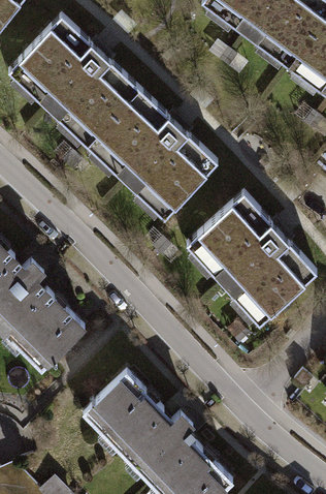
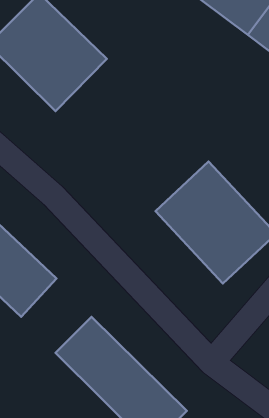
building: [82,86,216,220] -> none

